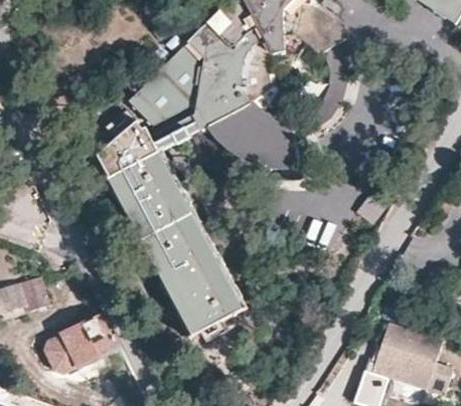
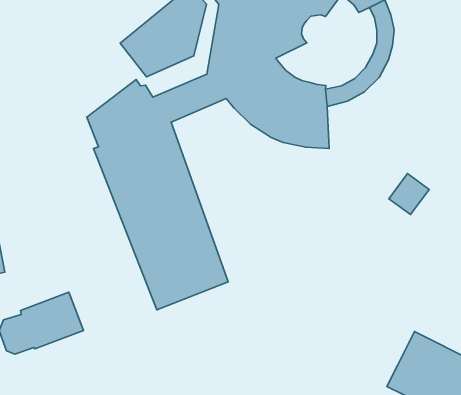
building: [175,288,244,340] -> none

